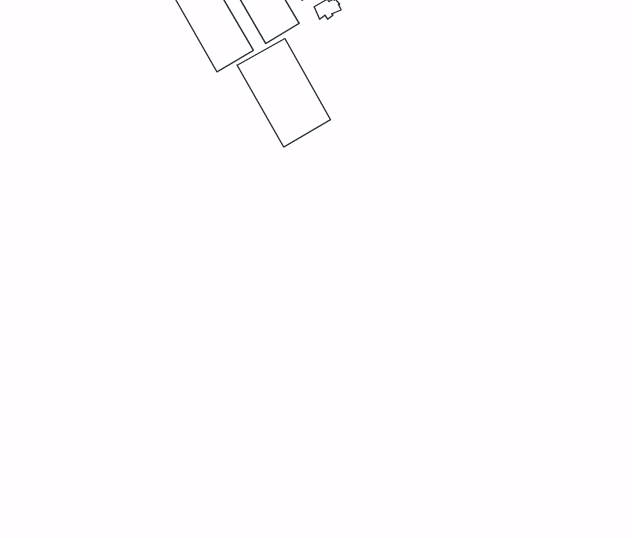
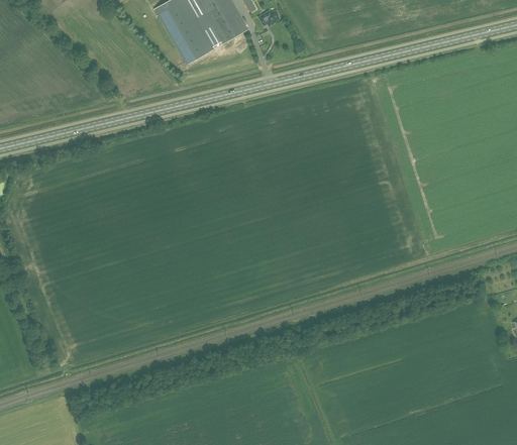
building: [237,39,330,147] -> none

